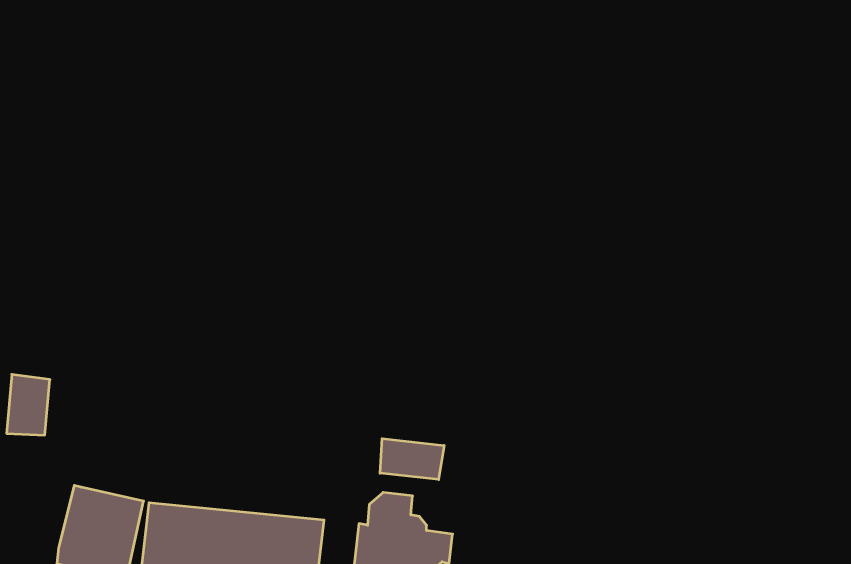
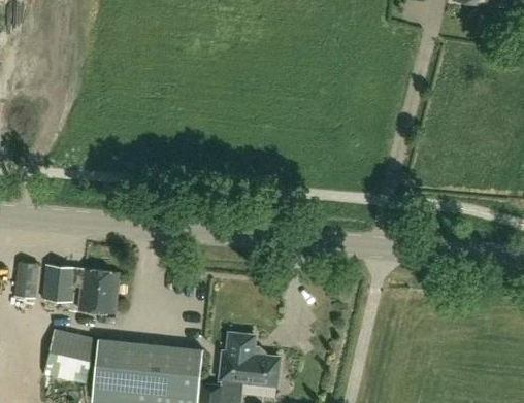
building: none -> [42,265,118,312]
building: [380,439,444,480] -> none

